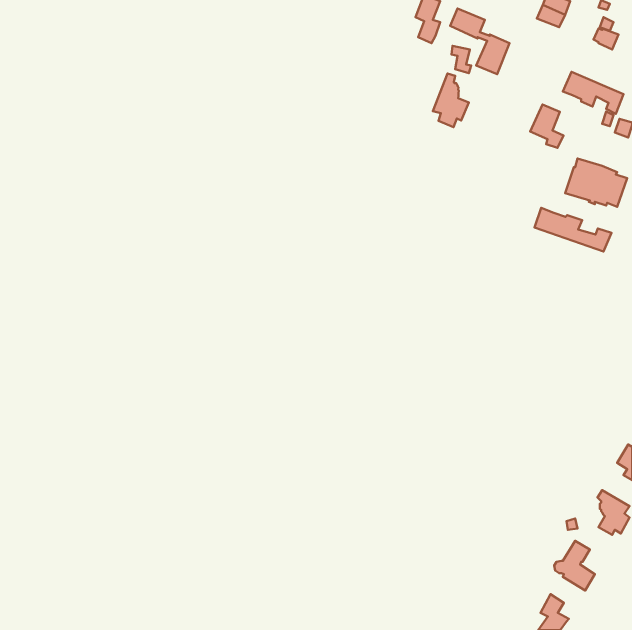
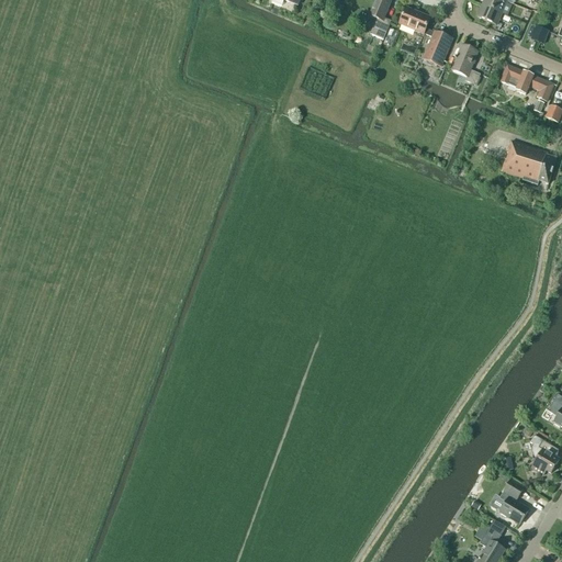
building: [433,74,469,127] -> none
building: [530,104,564,148] -> [451,45,481,83]
building: [534,208,611,252] -> none

